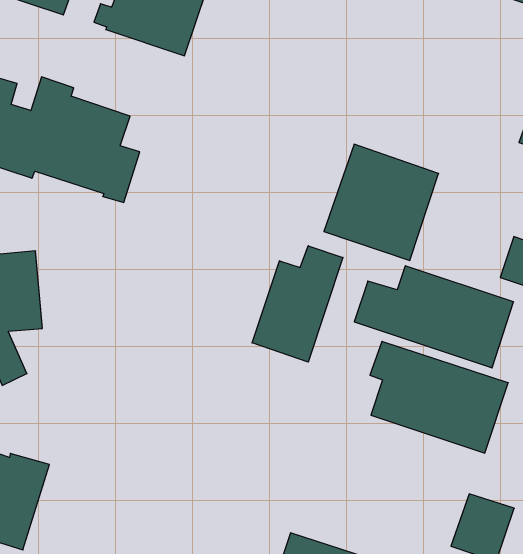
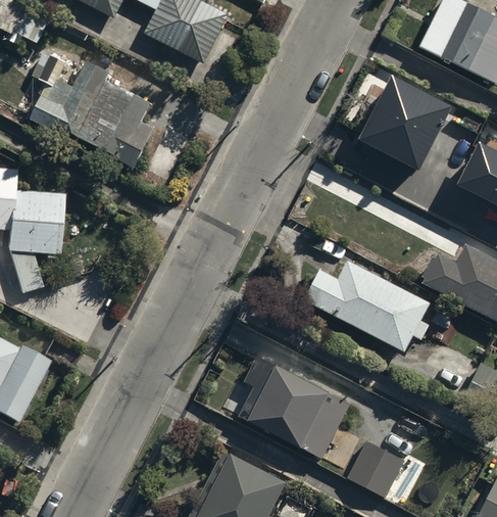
building: [324,144,439,261] -> [354,68,449,165]
building: [252,246,343,362] -> none
building: [370,341,508,453] -> [239,355,348,453]

